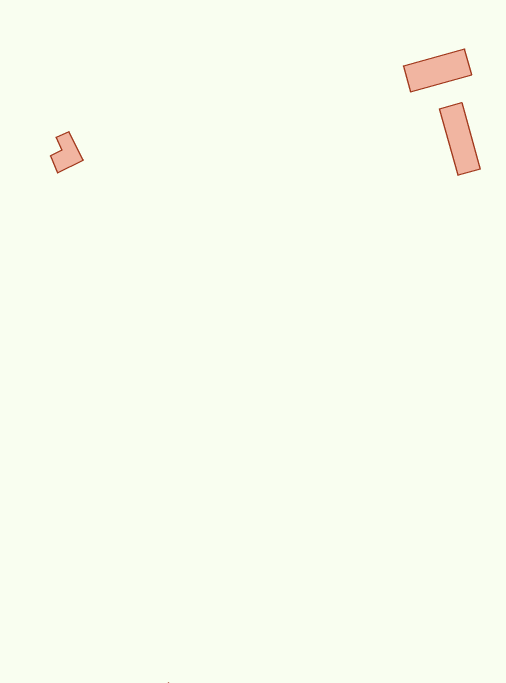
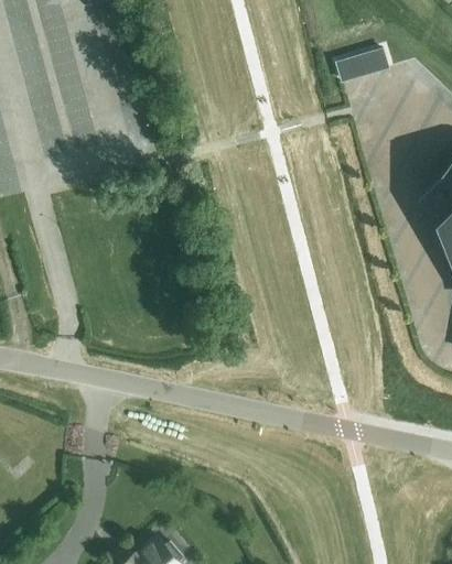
building: [440,103,480,175] -> none

